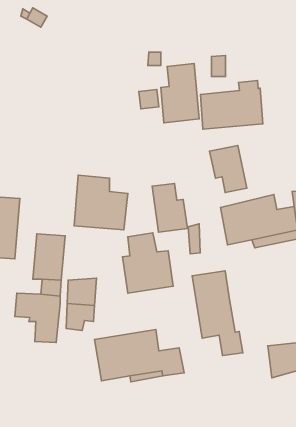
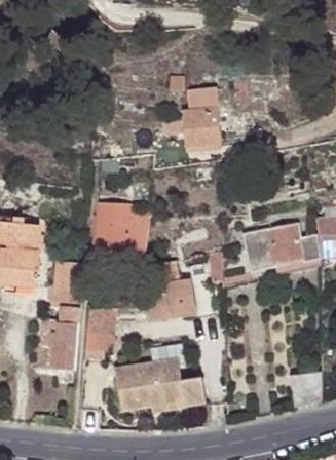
building: [200,81,263,129] -> none
building: [210,146,247,192] -> none
building: [152,183,188,232] -> none
building: [192,271,243,355] -> none

